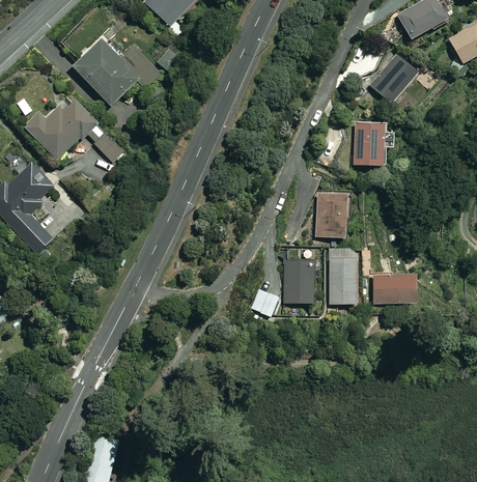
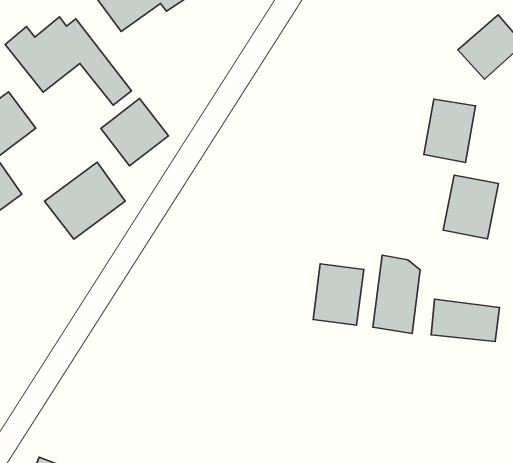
building: none -> [101,99,168,166]
building: [314,193,352,237] -> [443,175,499,239]
building: none -> [45,162,125,239]
building: [250,287,280,316] -> none

